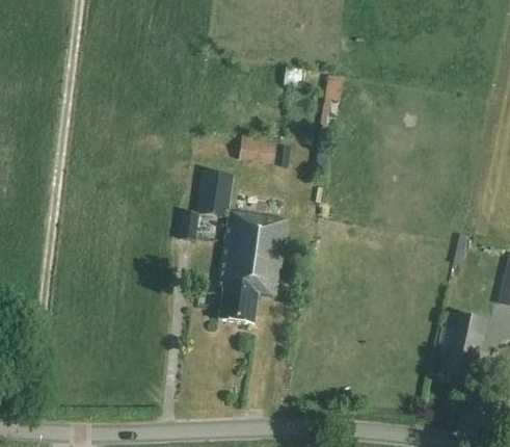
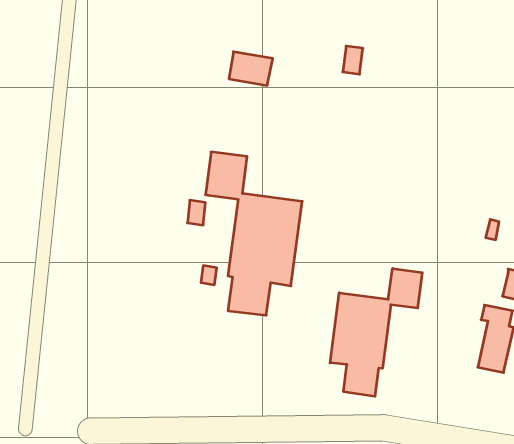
building: [240,132,280,163] -> [229,52,273,85]
building: none -> [330,268,422,396]

